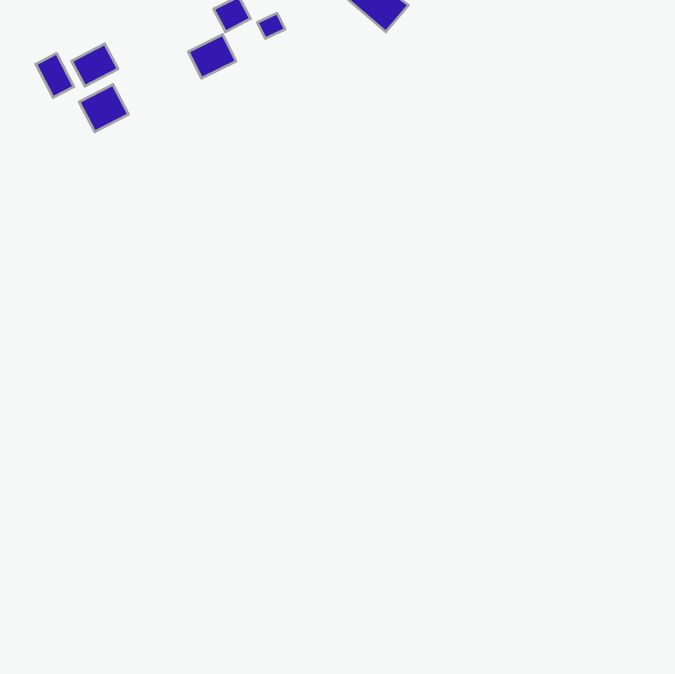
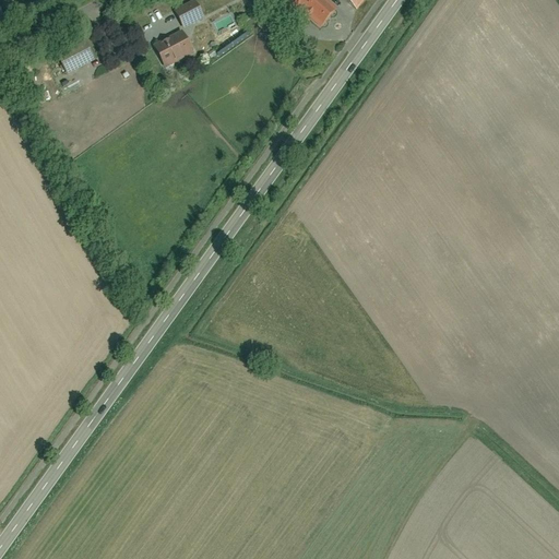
building: [36,53,74,98] -> none
building: [79,84,128,132] -> none

